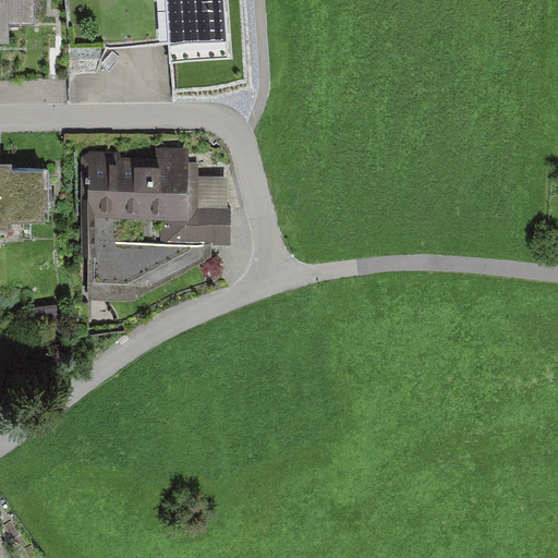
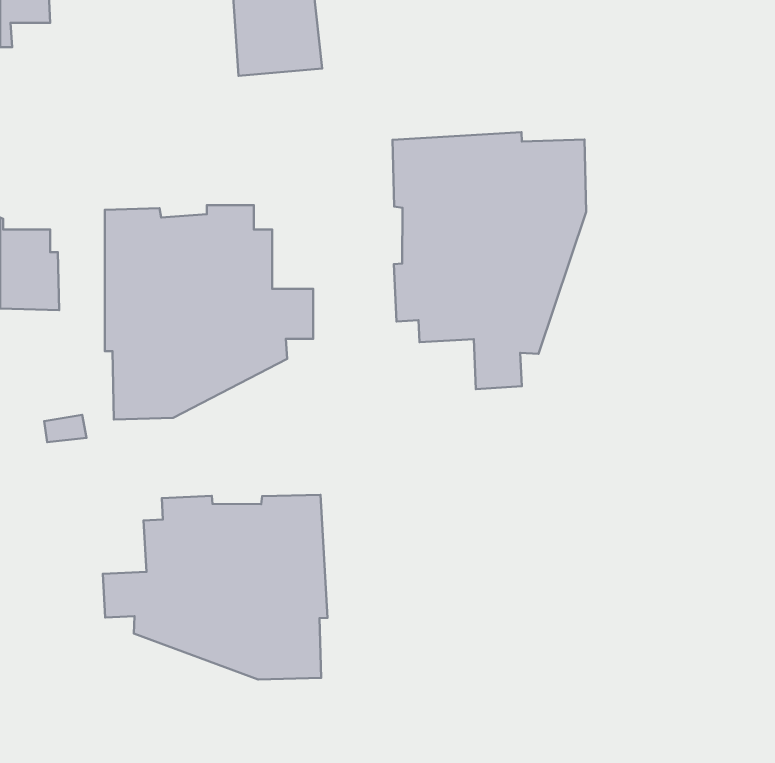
building: none -> [392,132,586,389]
building: none -> [103,495,328,679]

